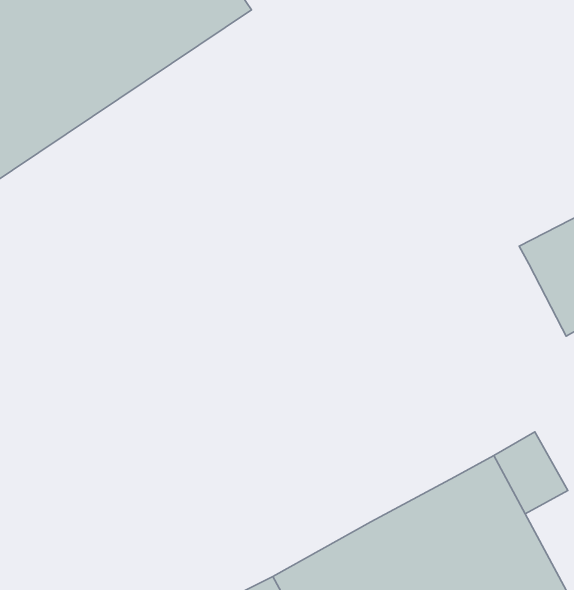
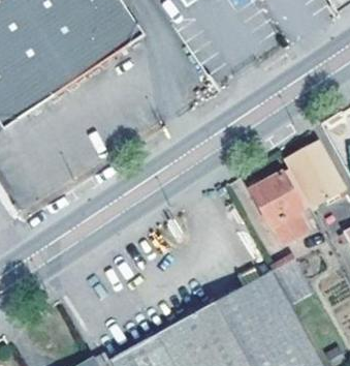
building: none -> [252,169,308,239]

